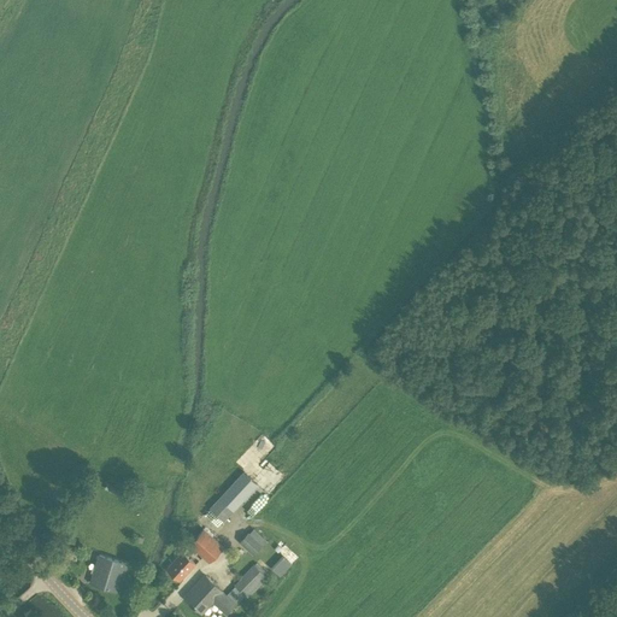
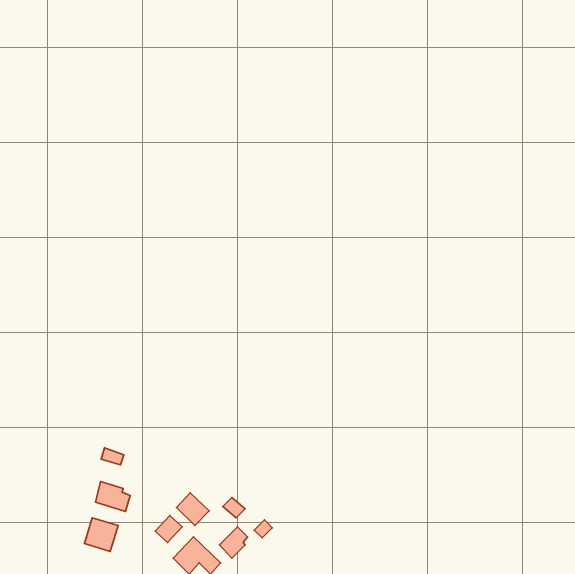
building: [210,471,258,522] -> none
building: none -> [95,482,130,511]

